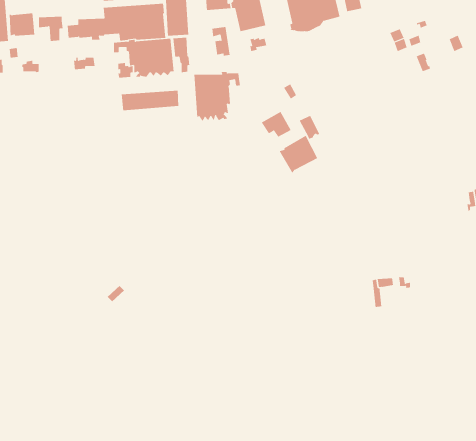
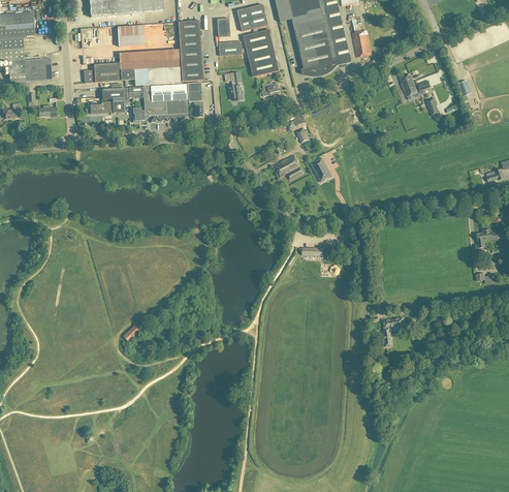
building: [38,16,63,42] -> [101,87,126,112]
building: [194,71,240,122] -> none
building: [121,90,179,111] -> none
building: [279,135,318,174] -> none

